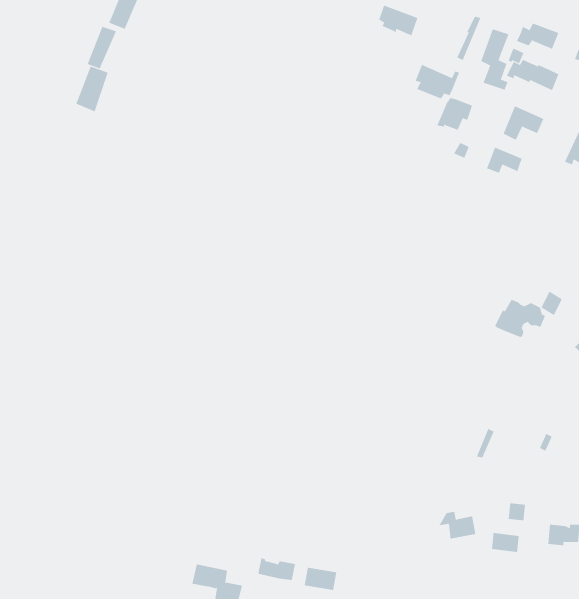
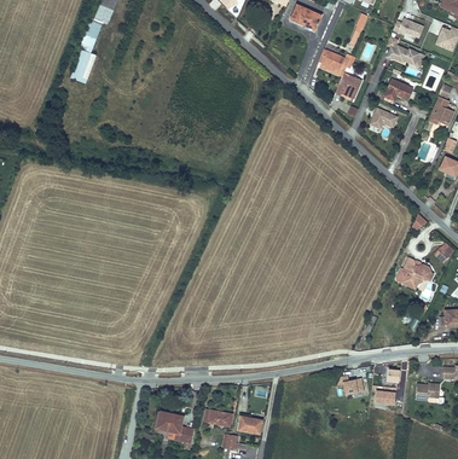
building: [480,28,509,91] -> none
building: [494,299,546,337] -> [396,261,434,289]

